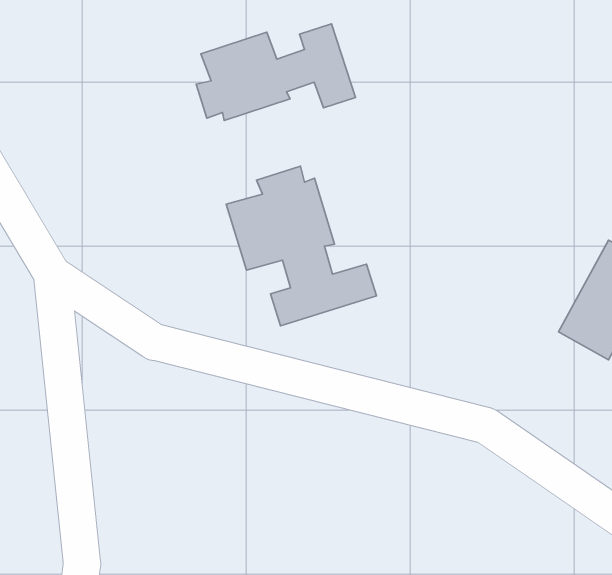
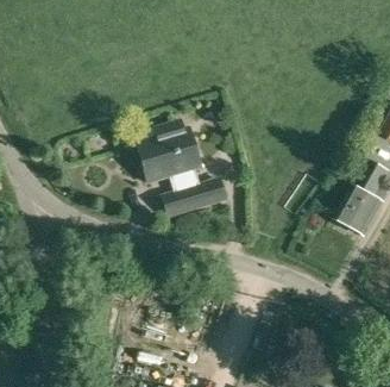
building: [196,24,355,120] -> none

